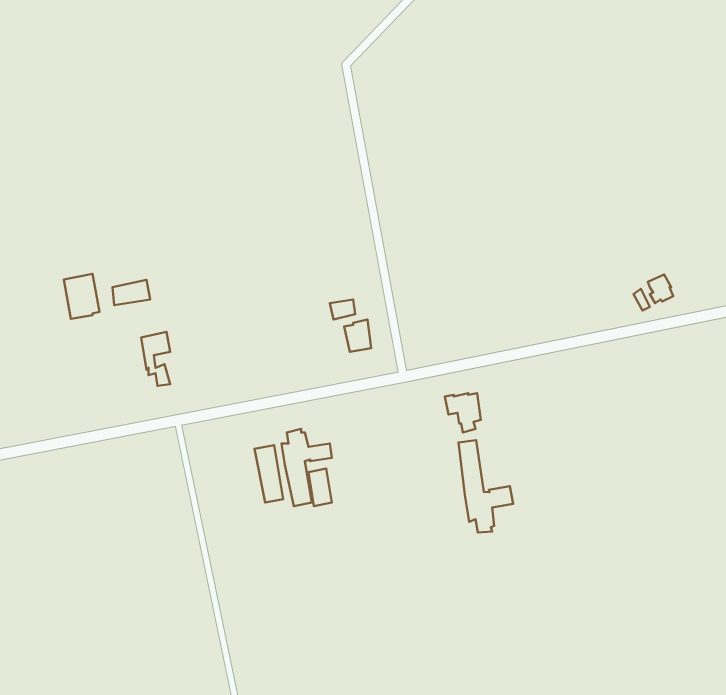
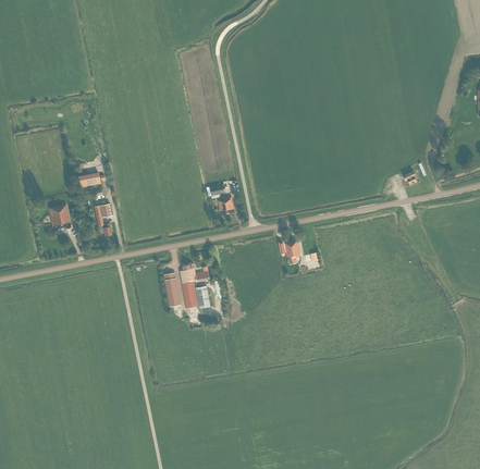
building: [64,274,100,319] -> [49,203,71,231]
building: [459,440,513,533] -> none

